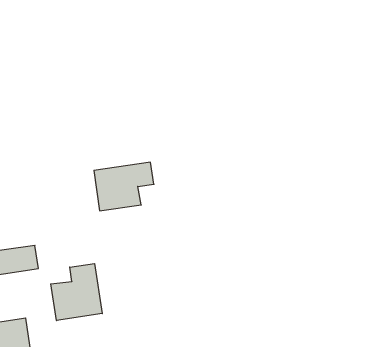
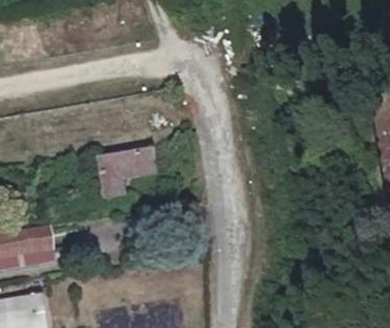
building: [51,264,102,321] -> none

